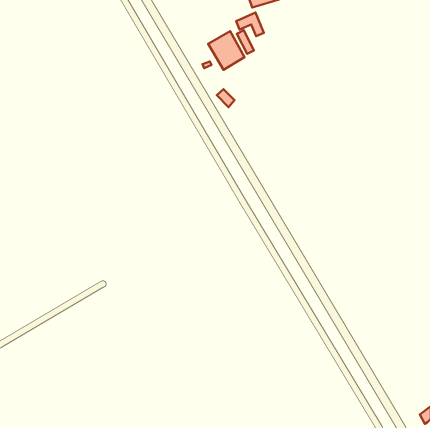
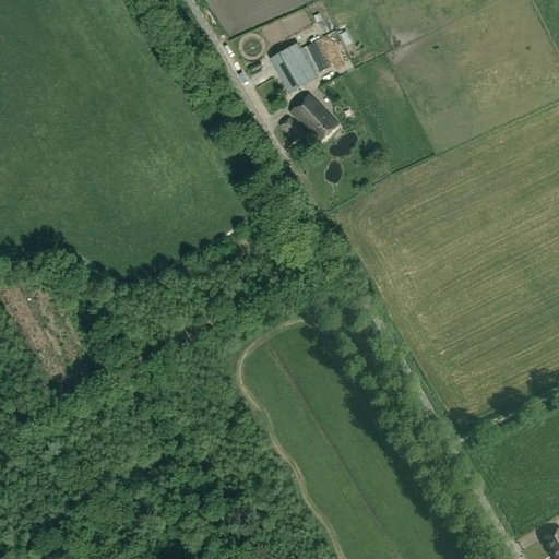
building: none -> [293,93,338,139]

